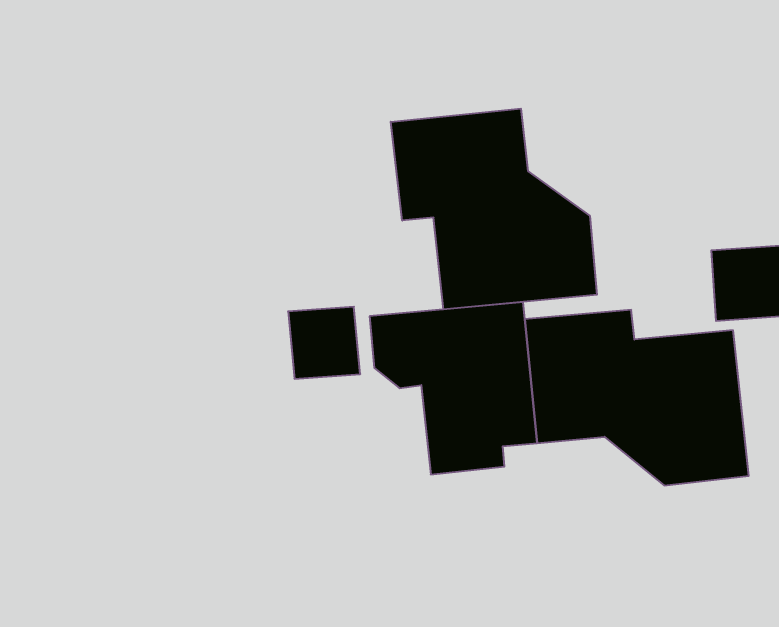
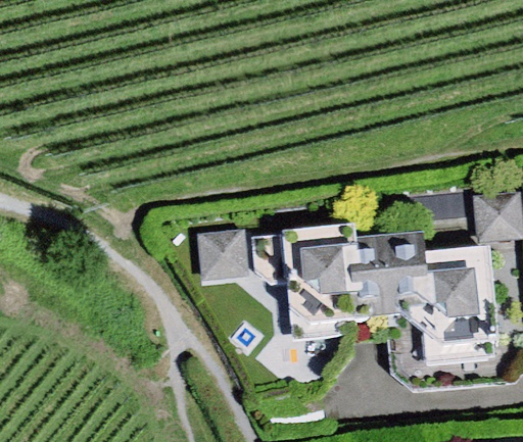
building: [391,109,597,309] -> none

